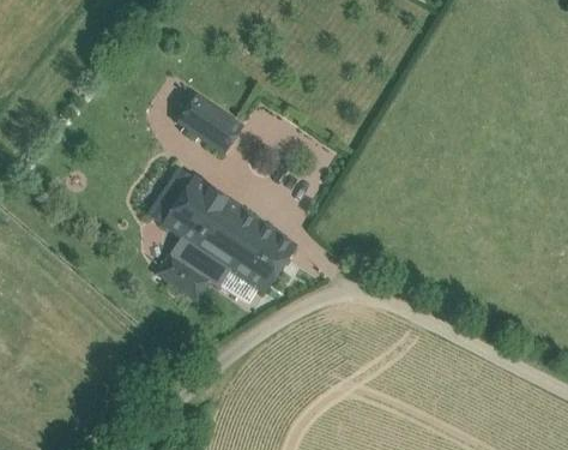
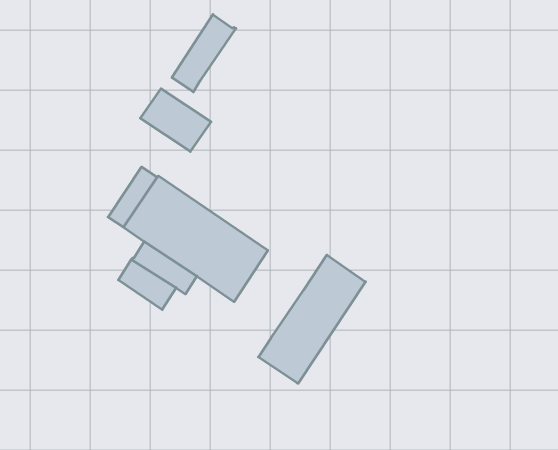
building: none -> [172,14,236,92]
building: none -> [258,255,366,383]

